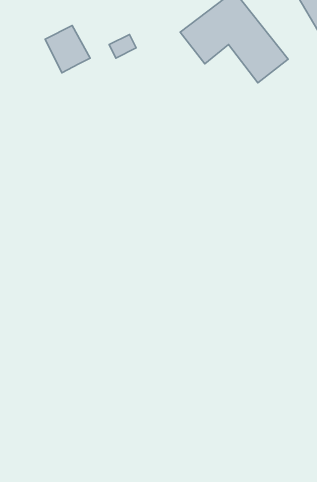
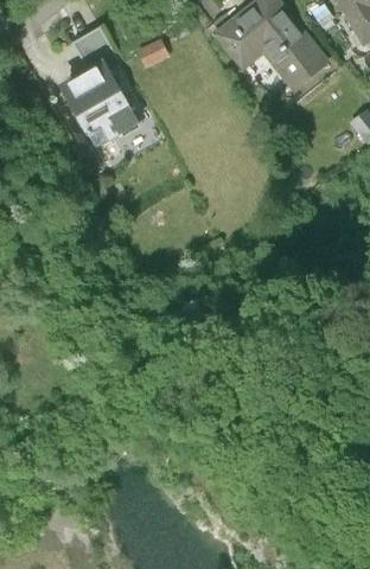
building: none -> [64,69,136,148]

